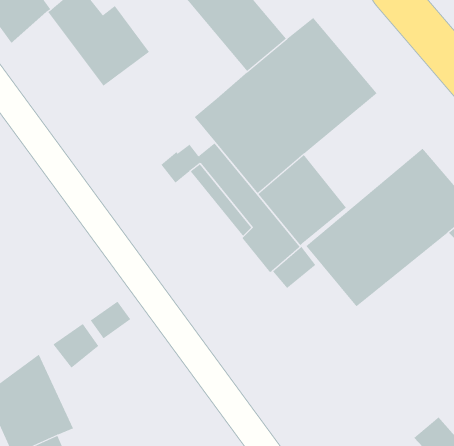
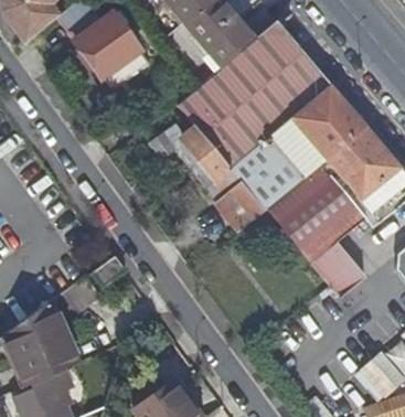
building: none -> [267,85,366,212]
building: none -> [311,243,364,298]

